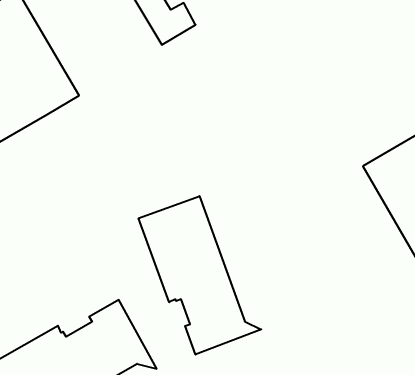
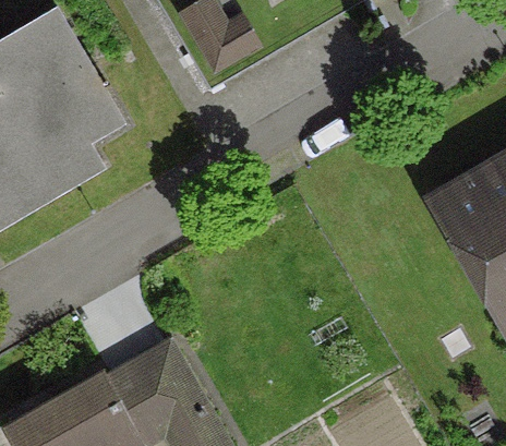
building: [139,196,261,355] -> none

